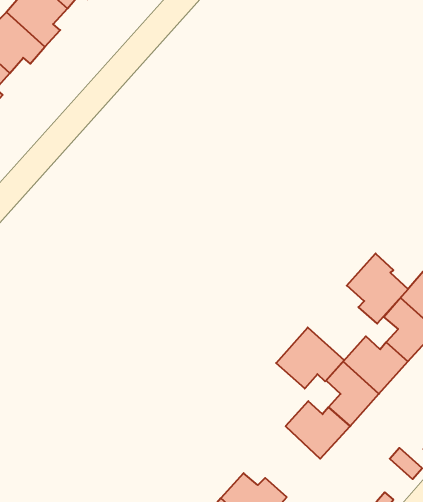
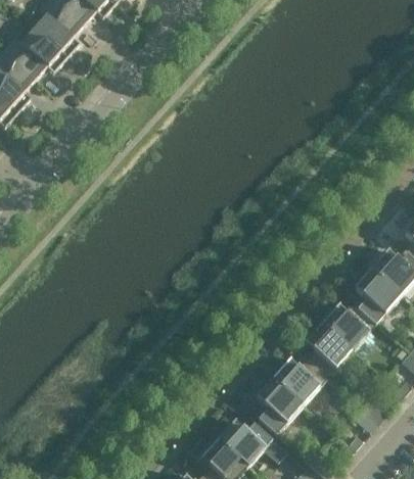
building: [347,253,408,324] -> none
building: [276,327,344,389] -> none
building: none -> [256,380,300,435]

